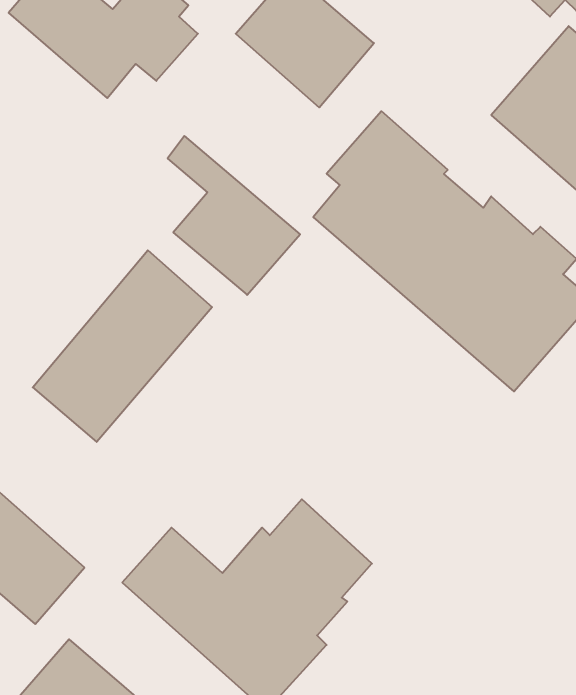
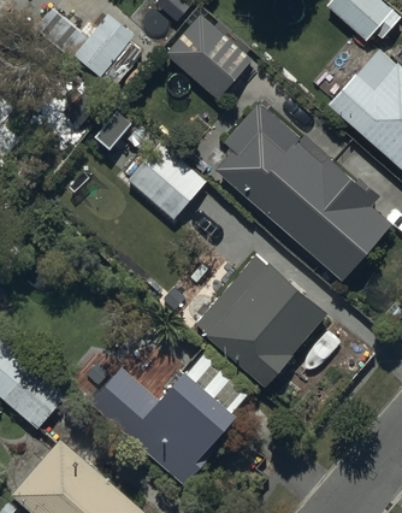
building: [33,250,212,442] -> none
building: none -> [194,253,326,387]

